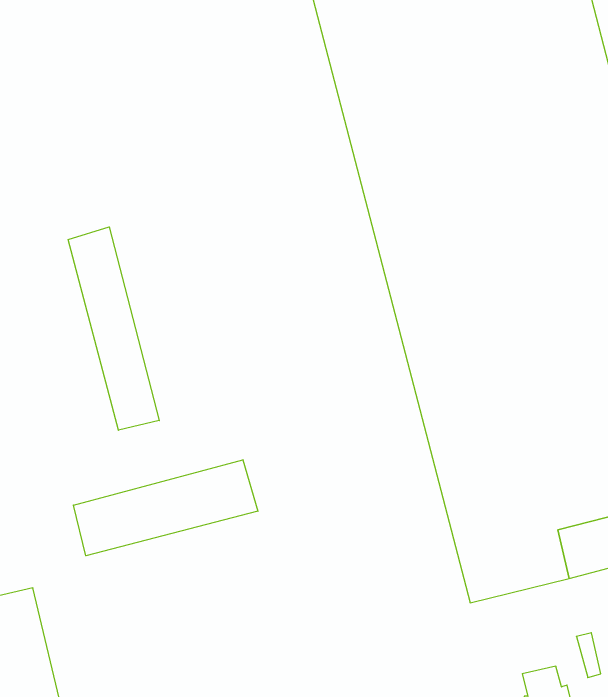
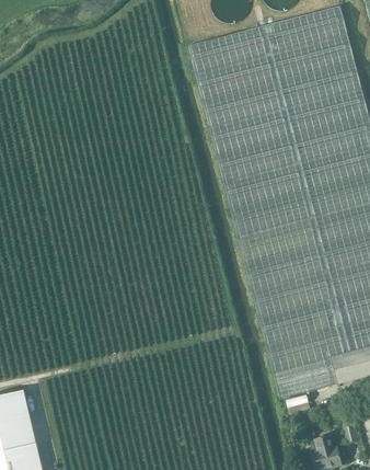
building: [68,227,159,430] -> none
building: [73,460,258,556] -> none

